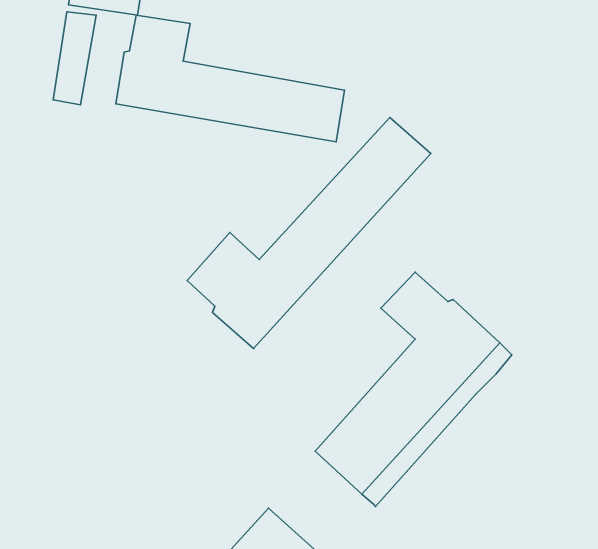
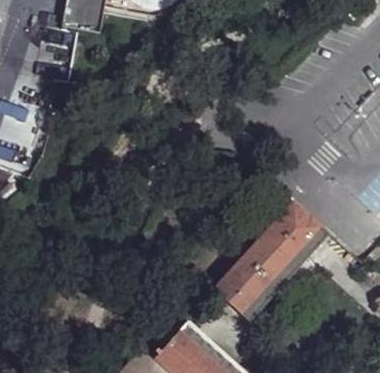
building: [116,15,344,142] -> none
building: [187,117,431,348] -> none

